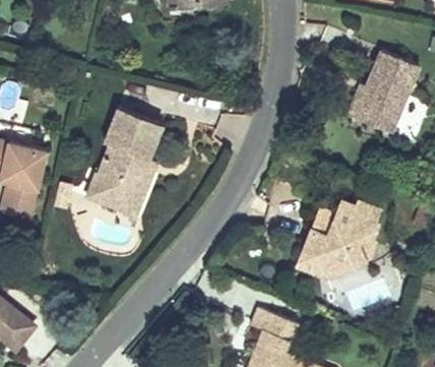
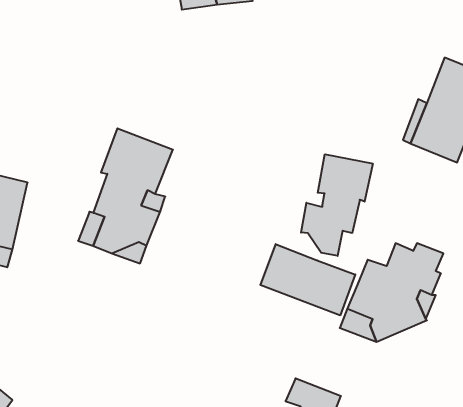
building: none -> [301,154,373,256]
building: none -> [260,244,355,315]

